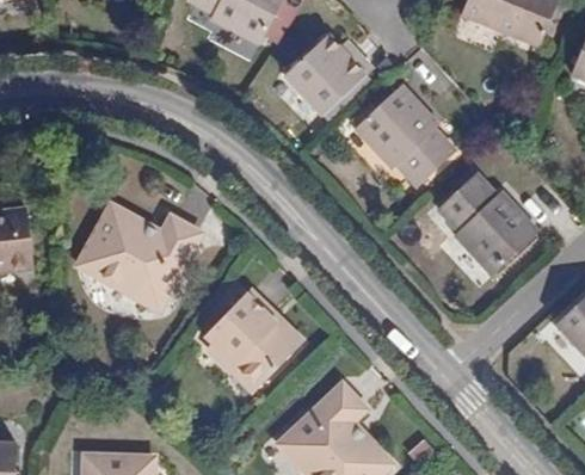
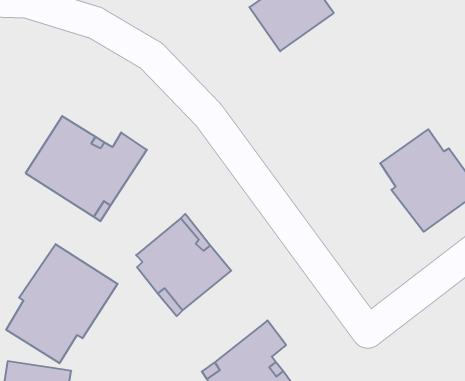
building: [355,86,456,186] -> none
building: none -> [6,244,118,363]

